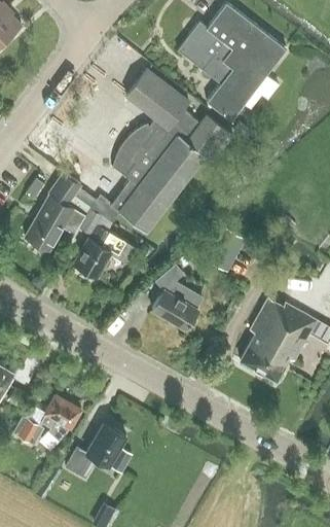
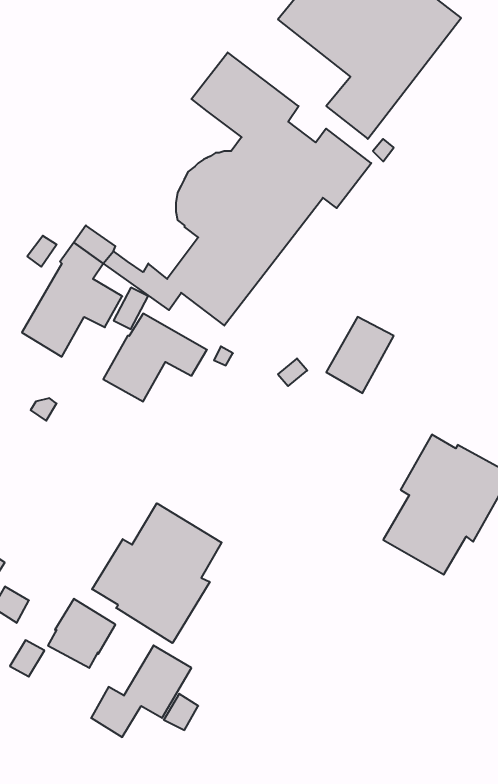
building: [151,265,201,330] -> none
building: none -> [92,503,222,643]

